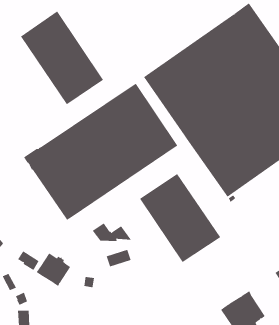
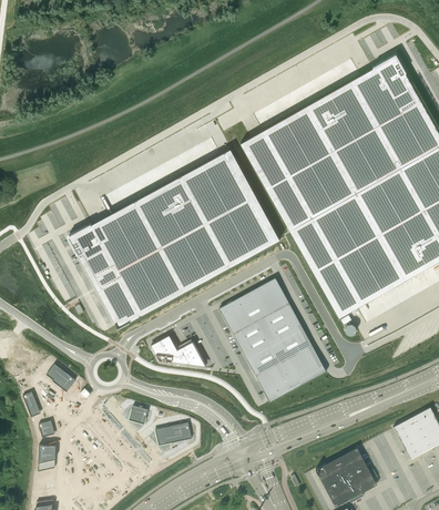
building: [20,11,104,105] -> none
building: [106,249,131,267] -> [156,424,191,446]
building: [36,252,71,287] -> none

